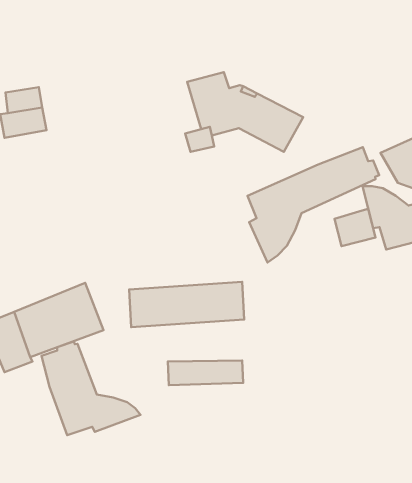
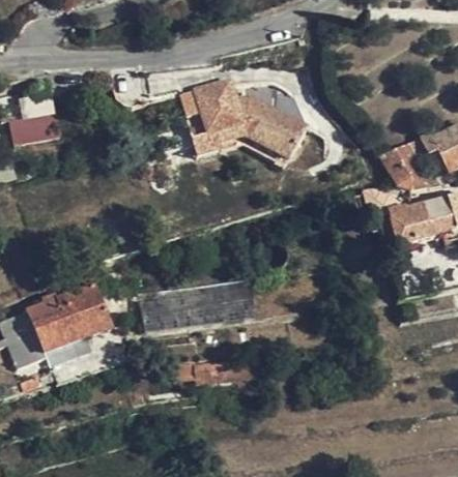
building: [248,147,379,263] -> none
building: [335,209,376,246] -> none
building: [41,341,141,435] -> none

